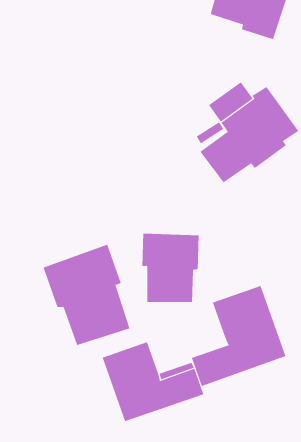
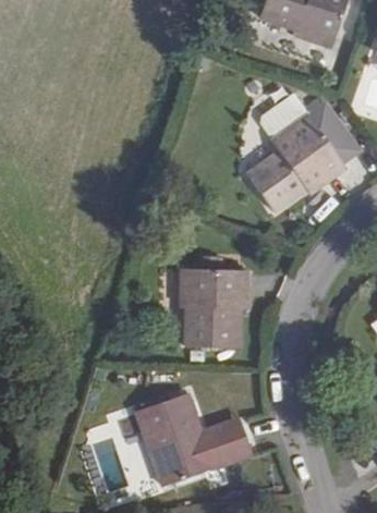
building: [43,244,130,346] -> none
building: [191,285,286,387] -> none

